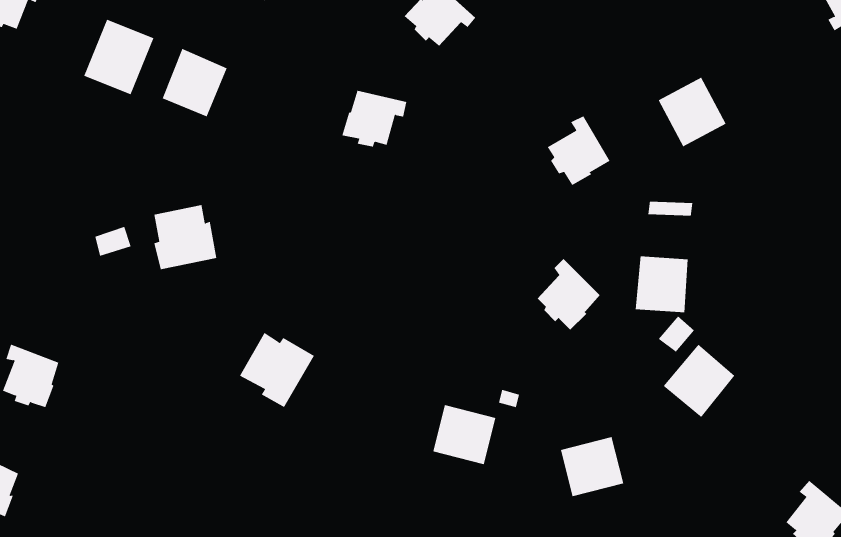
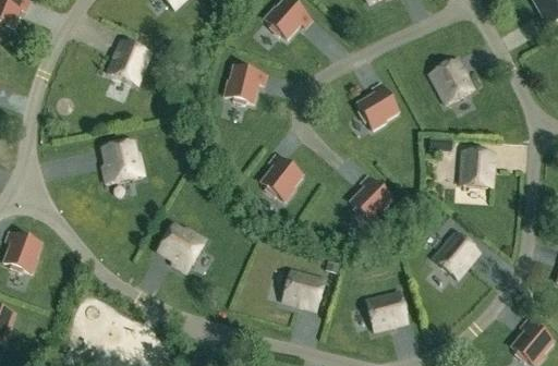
building: [83,19,154,95] -> none
building: none -> [260,152,302,199]
building: [635,256,689,313] -> [459,148,494,185]

